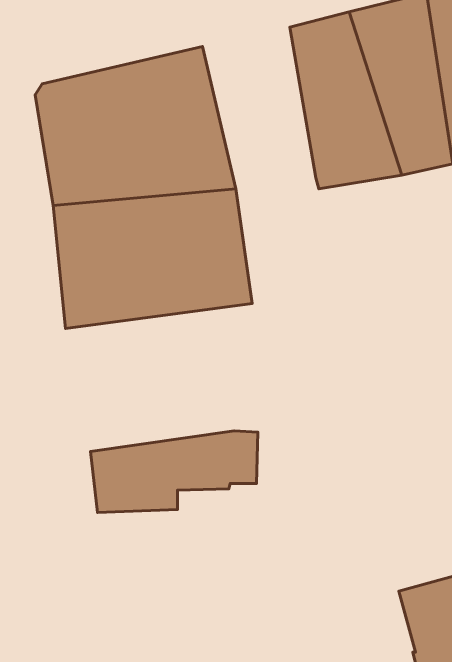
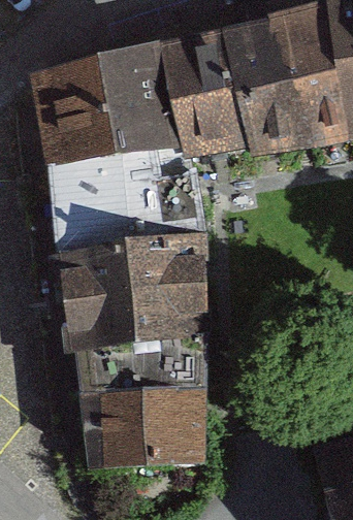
building: none -> [162,32,247,153]
building: none -> [60,238,203,350]
building: none -> [84,372,202,469]

